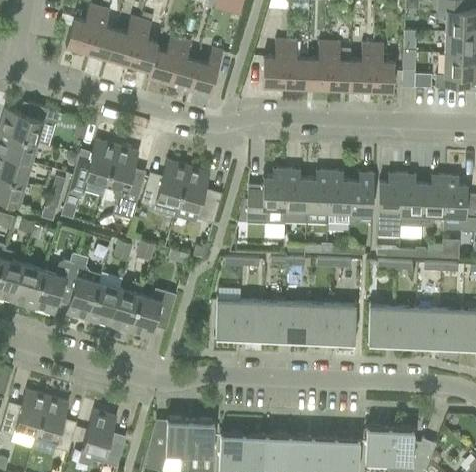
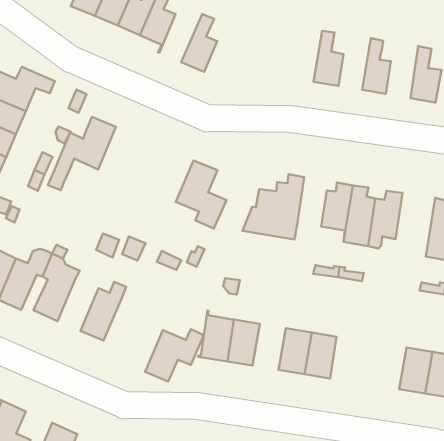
building: [147,36,180,83] -> none
building: [262,40,286,86] -> none
building: [306,42,329,88] -> none
building: [348,44,371,90] -> none
building: [188,48,222,95] -> none
building: [106,146,144,219] -> none
building: [141,160,188,217] -> none
building: [285,170,307,211] -> none
building: [377,174,402,237] -> none
building: [87,282,119,327] -> none
building: [129,291,176,339] -> [145,329,204,382]
building: [261,302,286,340] -> none
building: [330,305,355,343] -> none
building: [366,306,393,344] -> none

